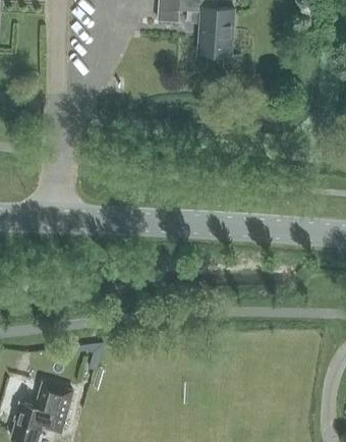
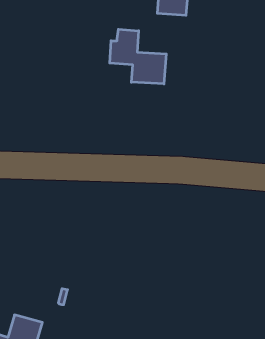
building: none -> [110,29,166,84]

